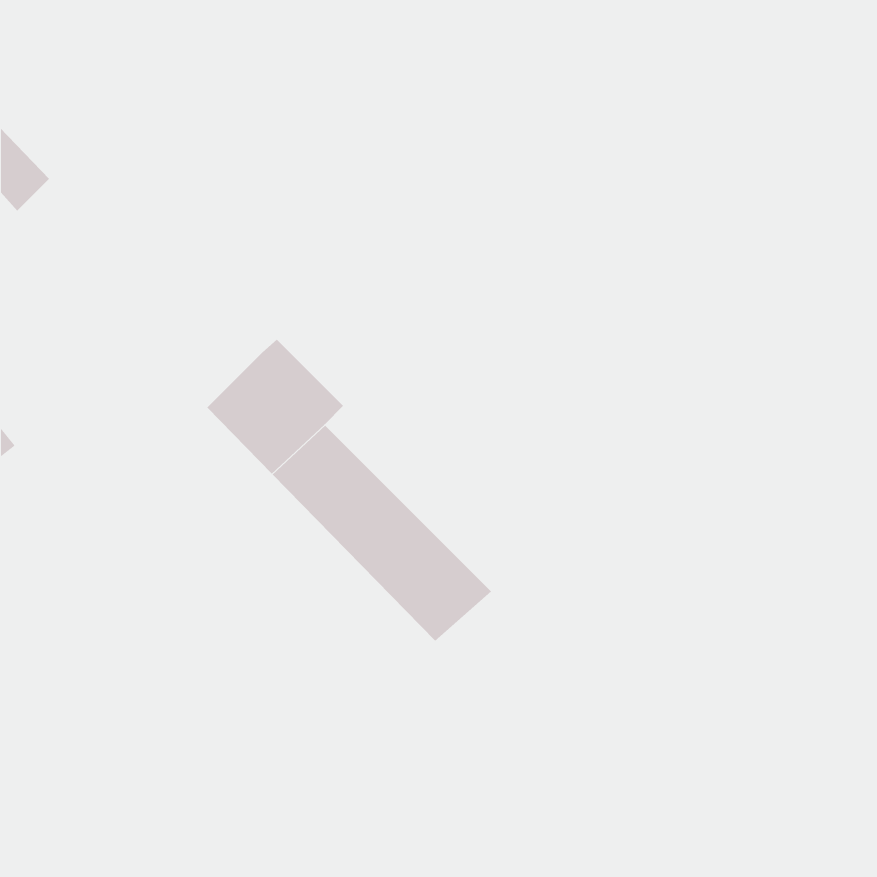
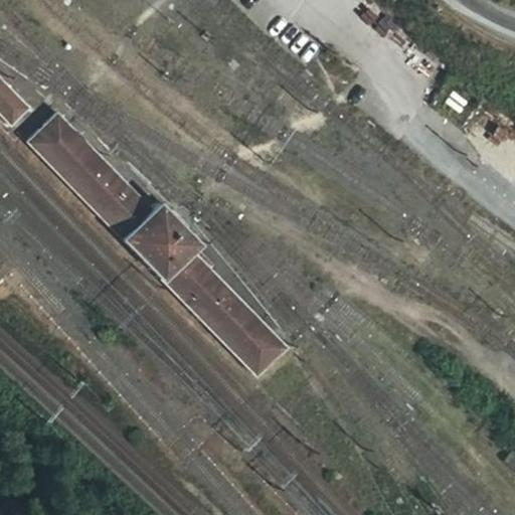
building: none -> [25,110,154,239]

